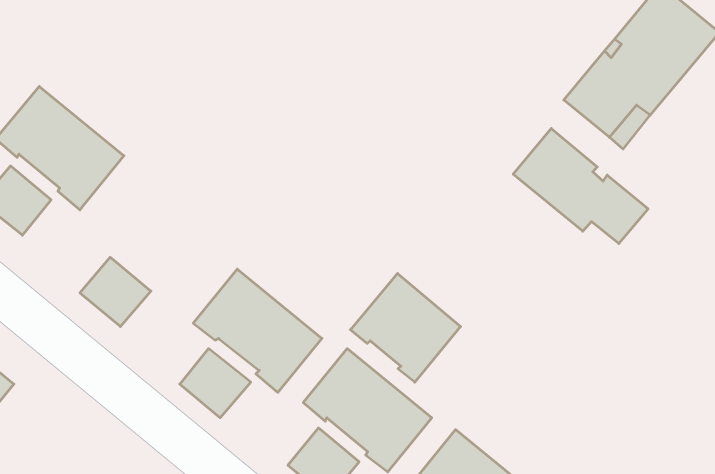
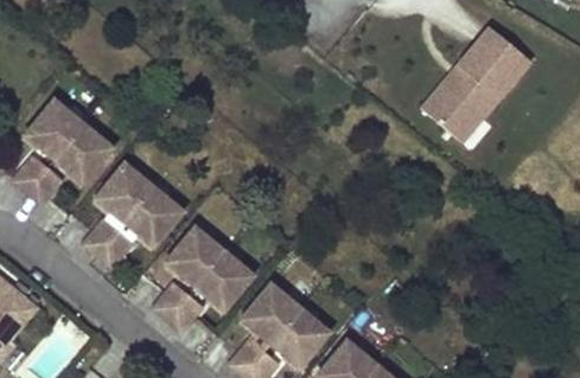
building: [513,128,648,244] -> none
building: none -> [93,162,184,249]
building: [350,273,461,382] -> none

